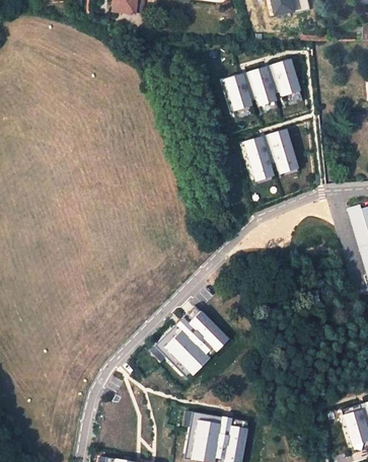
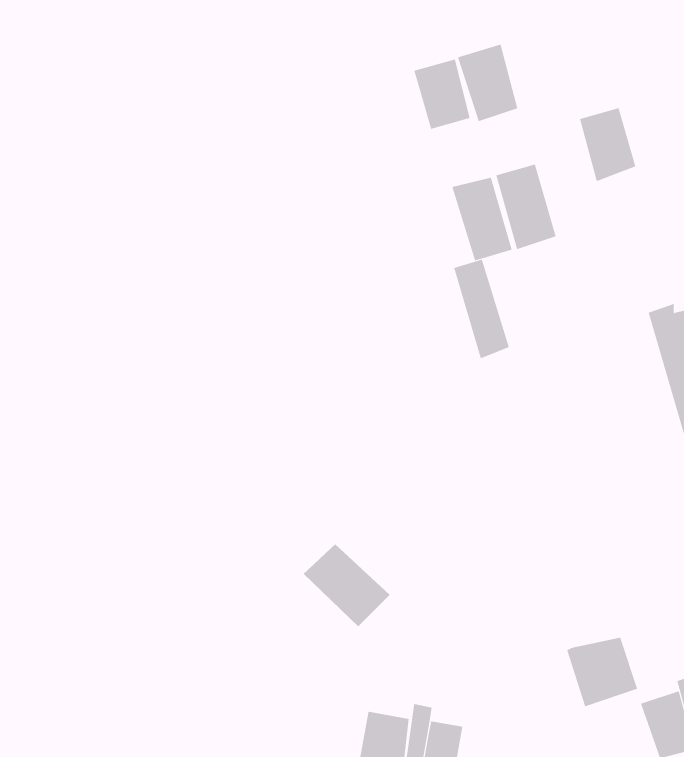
building: [270,59,300,98] -> [579,108,636,182]
building: none -> [454,259,509,359]
building: [176,311,230,354] -> none
building: none -> [566,637,638,707]

